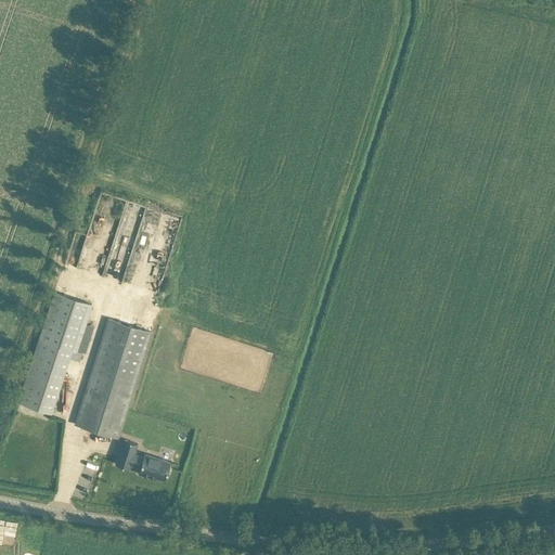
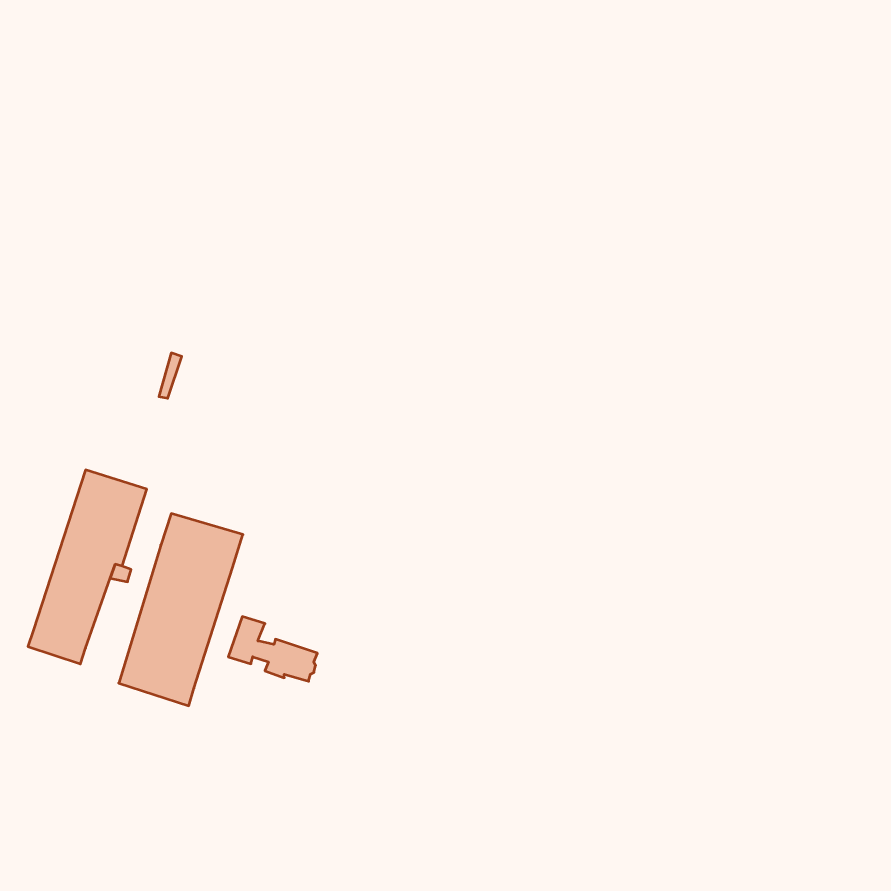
building: [114,440,169,480] -> [228,617,317,681]

